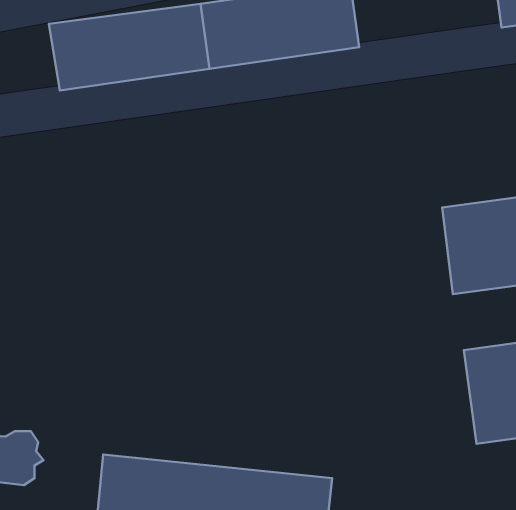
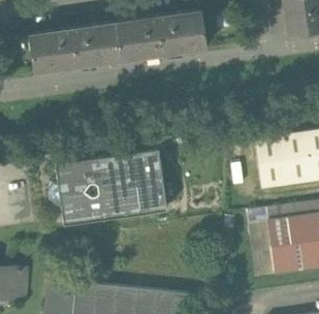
building: none -> [51,148,168,225]

